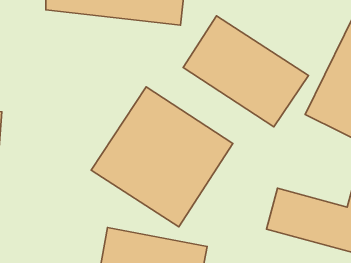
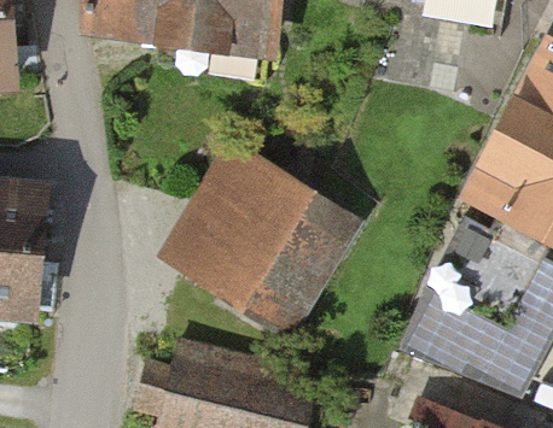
building: [183,16,308,127] -> none

